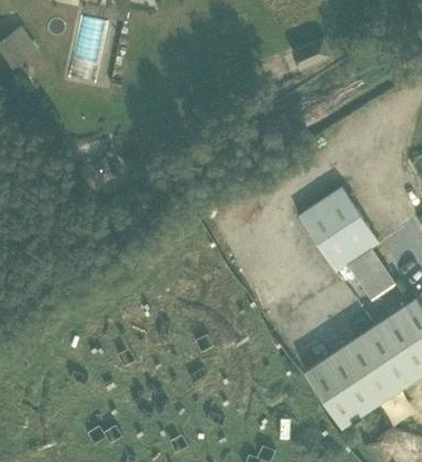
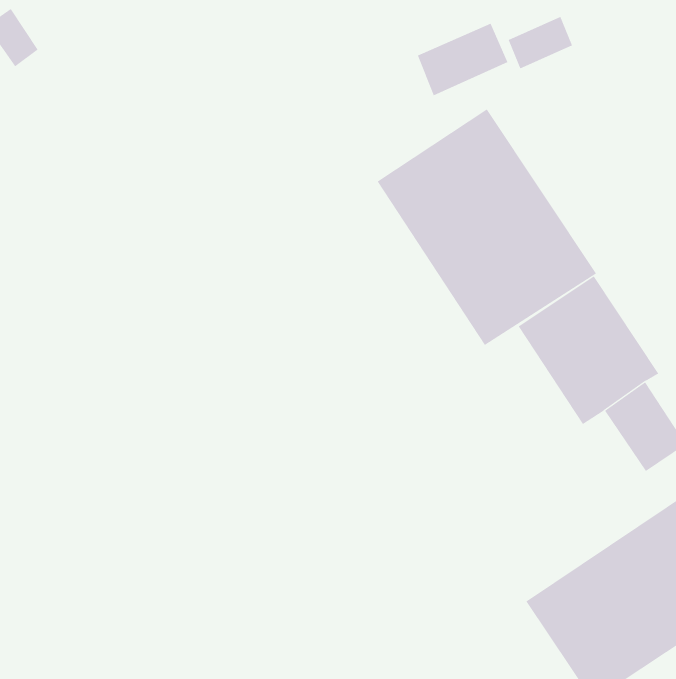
building: none -> [417,23,508,96]
building: none -> [377,108,597,346]

